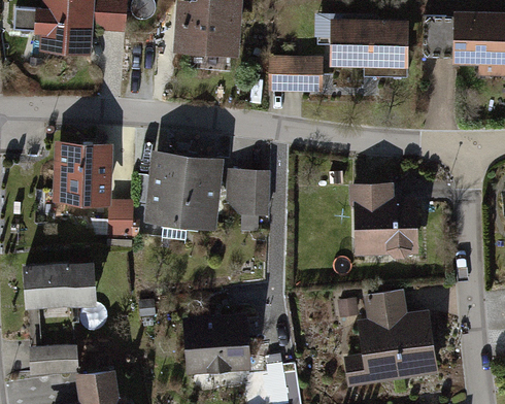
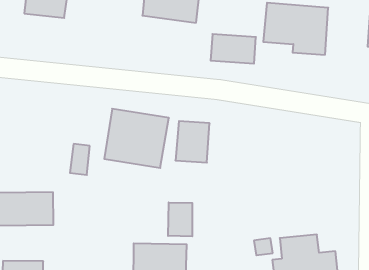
building: [50,147,102,203] -> none
building: [353,187,417,252] -> none
building: none -> [168,202,192,236]

